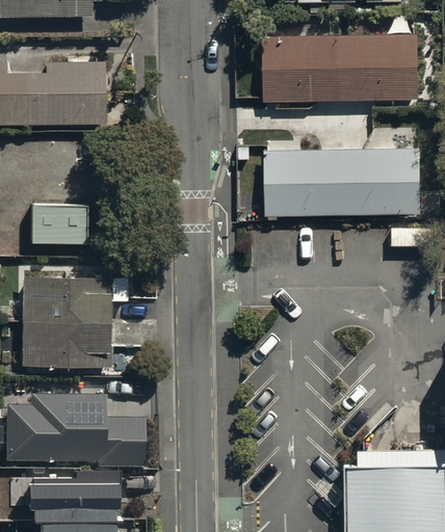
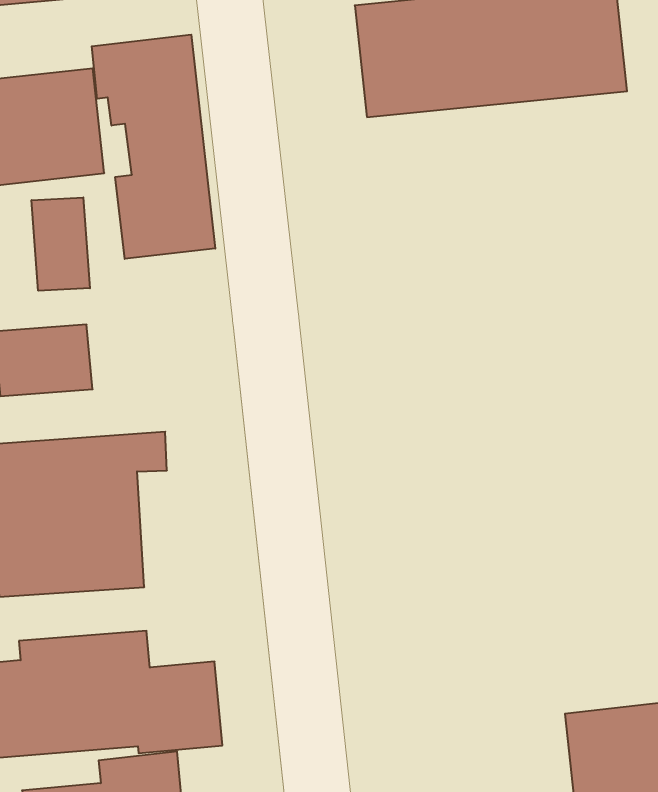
building: none -> [92,35,215,259]
building: none -> [32,197,90,291]
building: [265,149,420,216] -> none

